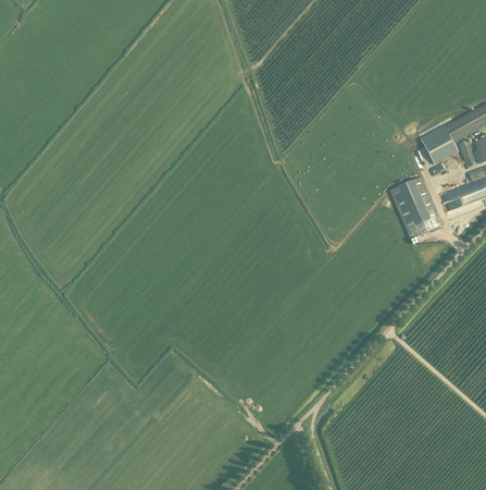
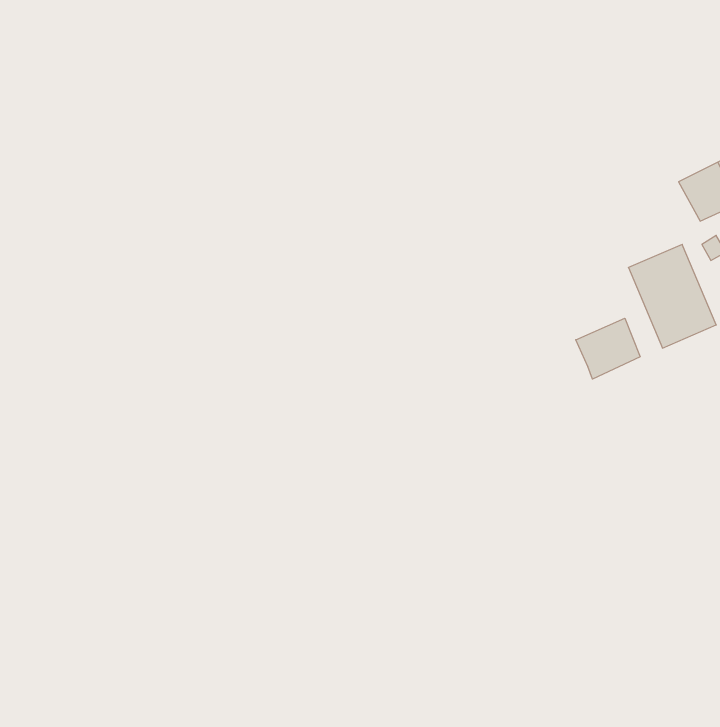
building: none -> [576,318,640,379]

